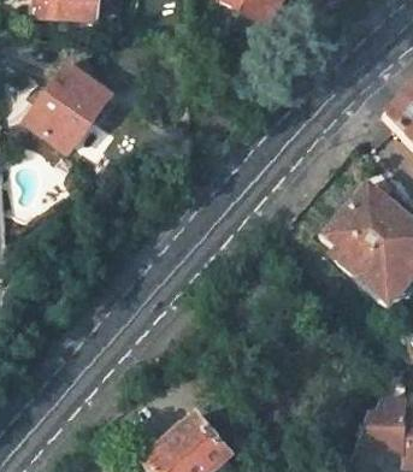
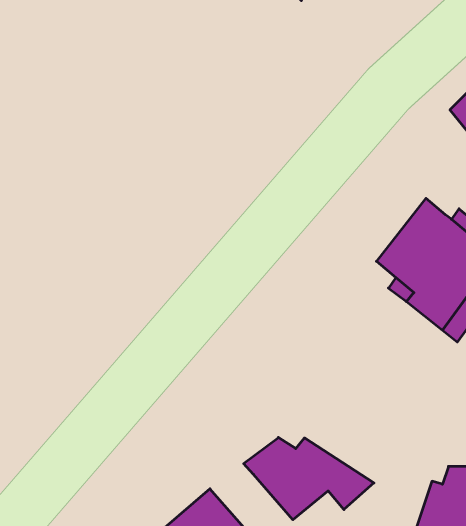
building: [28,65,112,153] -> none
building: none -> [244,437,374,520]

